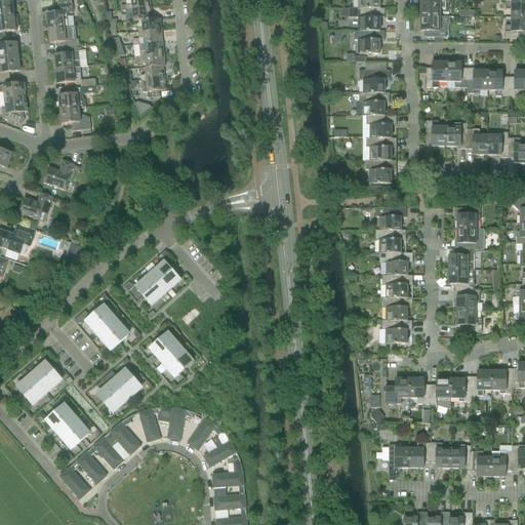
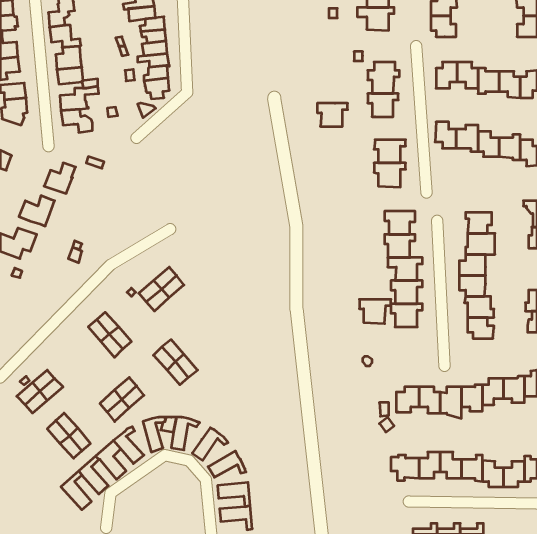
building: [354,29,385,52] -> none
building: [366,114,396,136] -> [317,103,348,126]
building: [381,319,412,342] -> [359,299,391,324]

